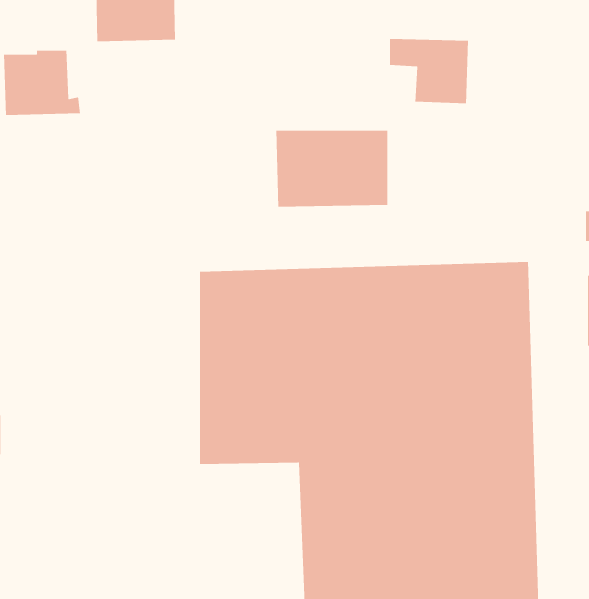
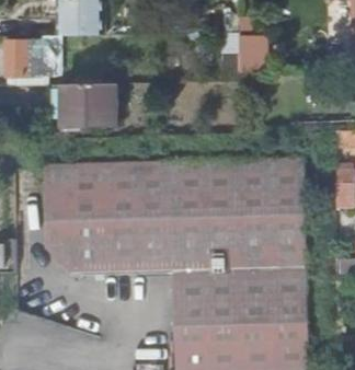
building: [276,130,388,208] -> [53,84,116,128]
building: none -> [42,164,115,275]

